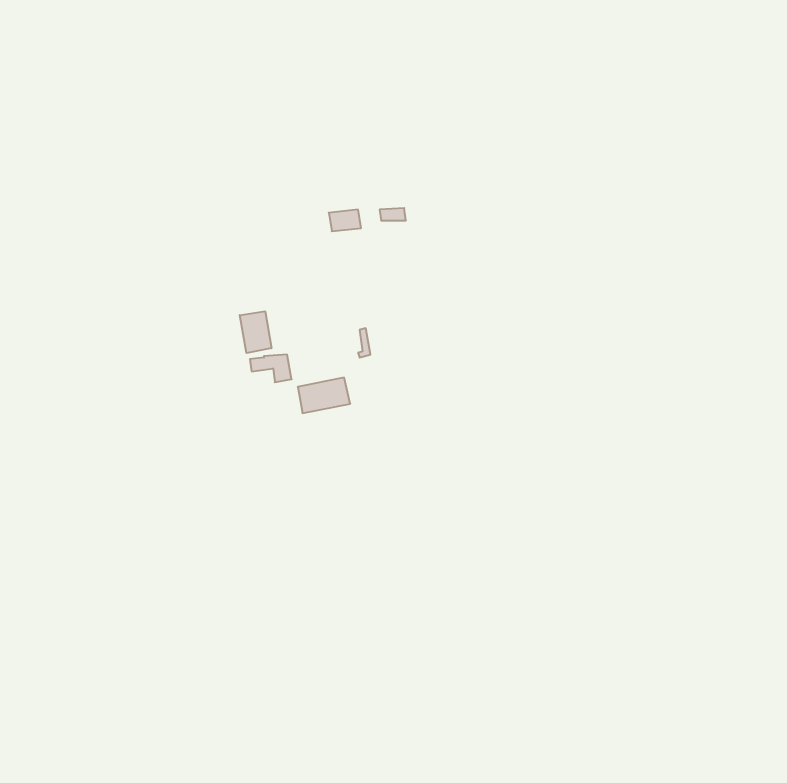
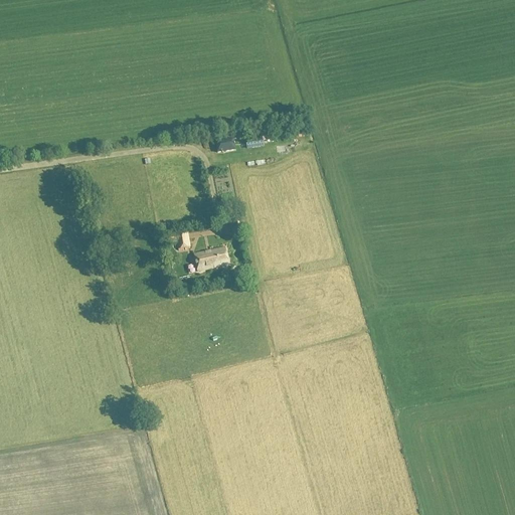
building: [240,311,271,353] -> none

